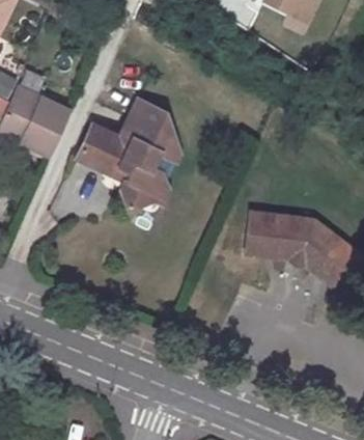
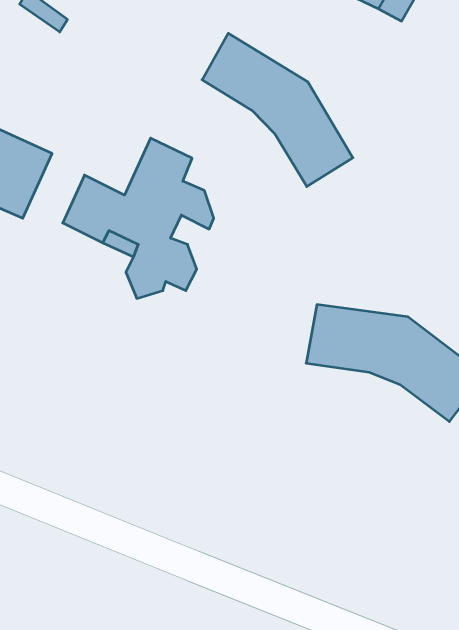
building: none -> [202,33,353,187]

